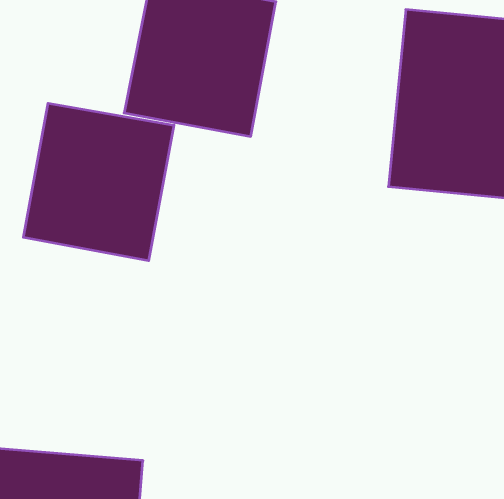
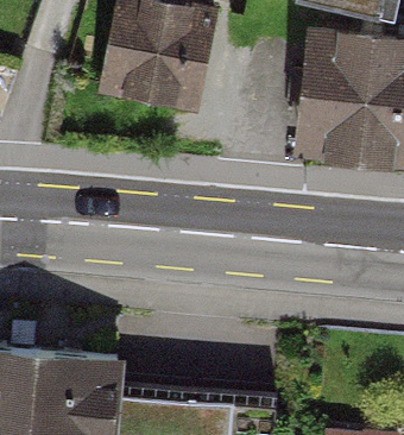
building: [23,103,174,261] -> none

